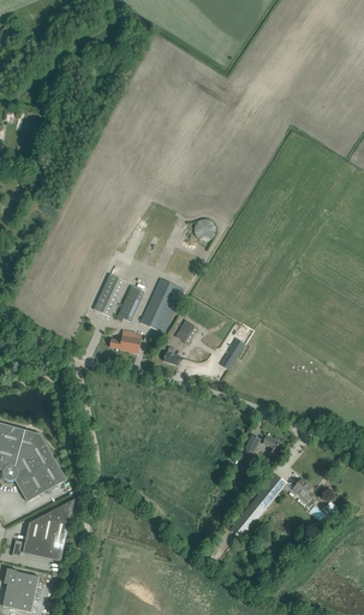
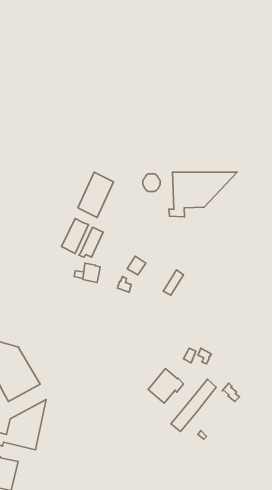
building: none -> [169,172,237,217]
building: [139,277,184,334] -> [78,172,114,218]
building: none -> [148,369,183,403]

